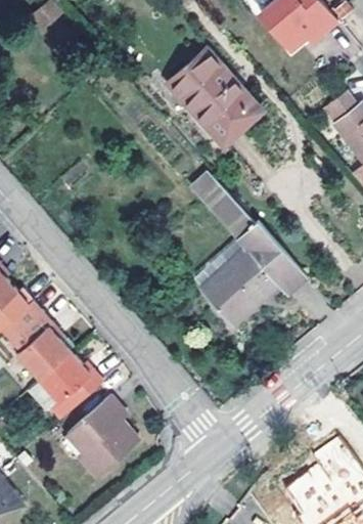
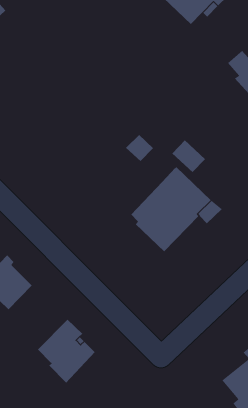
building: [166,47,260,145] -> none
building: [212,196,253,237] -> [171,140,206,173]
building: [37,350,101,414] -> none

